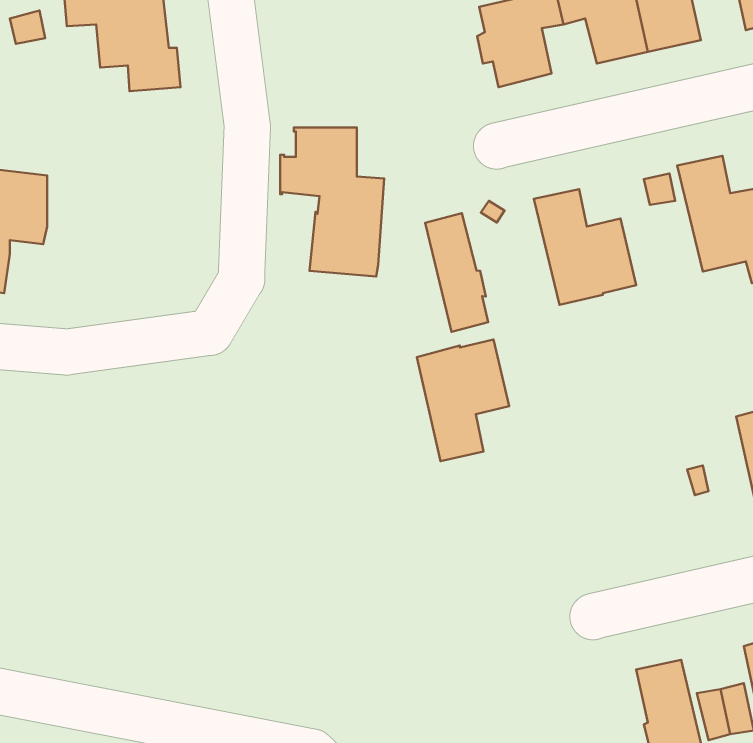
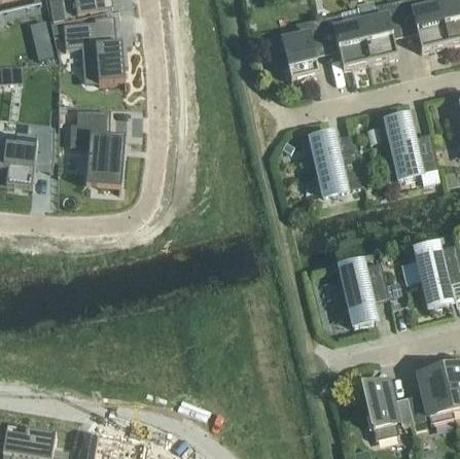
building: [280,128,384,277] -> [69,109,123,187]
building: [425,213,488,332] -> none
building: [417,340,509,461] -> [340,261,388,325]

